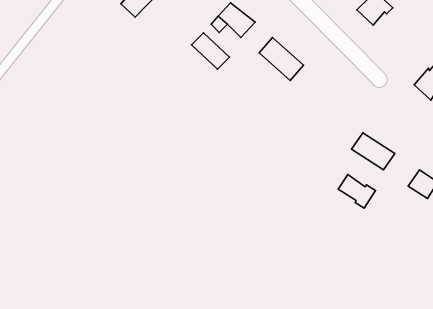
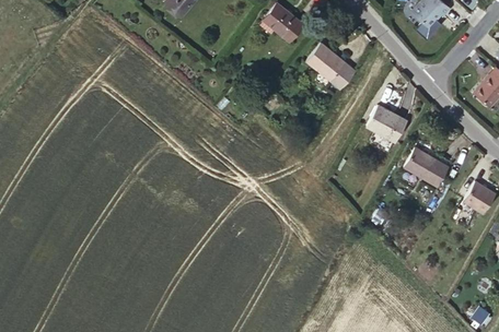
building: [192,33,229,69] -> none
building: none -> [365,105,404,139]
building: [338,175,375,208] -> none

